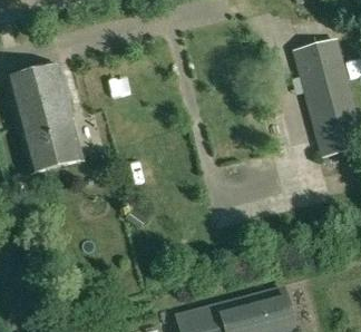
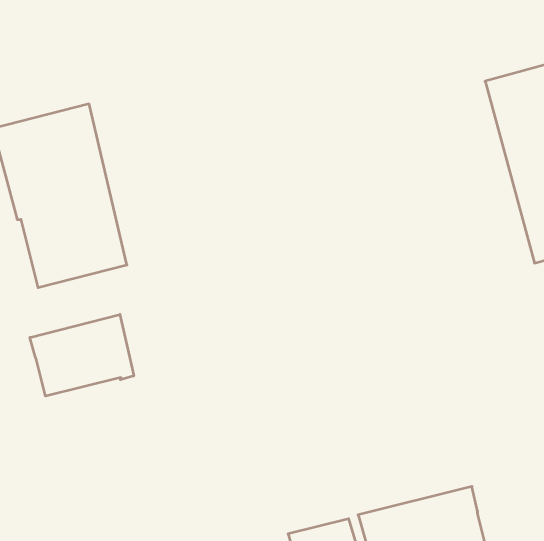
building: none -> [30,314,134,396]

